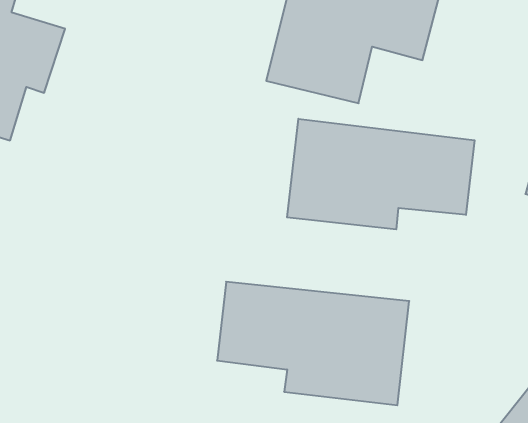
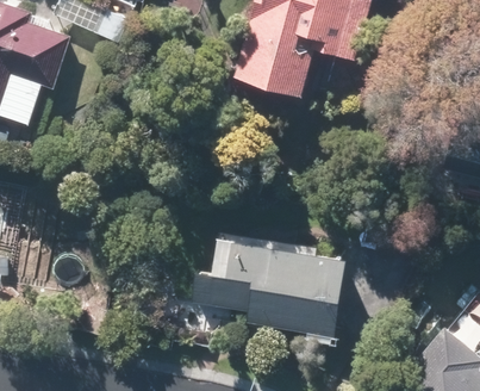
building: [287,119,475,229] -> none

